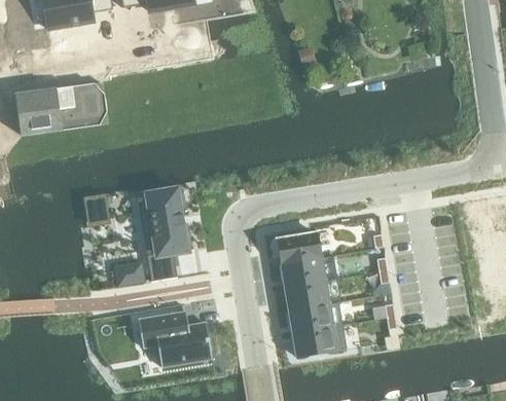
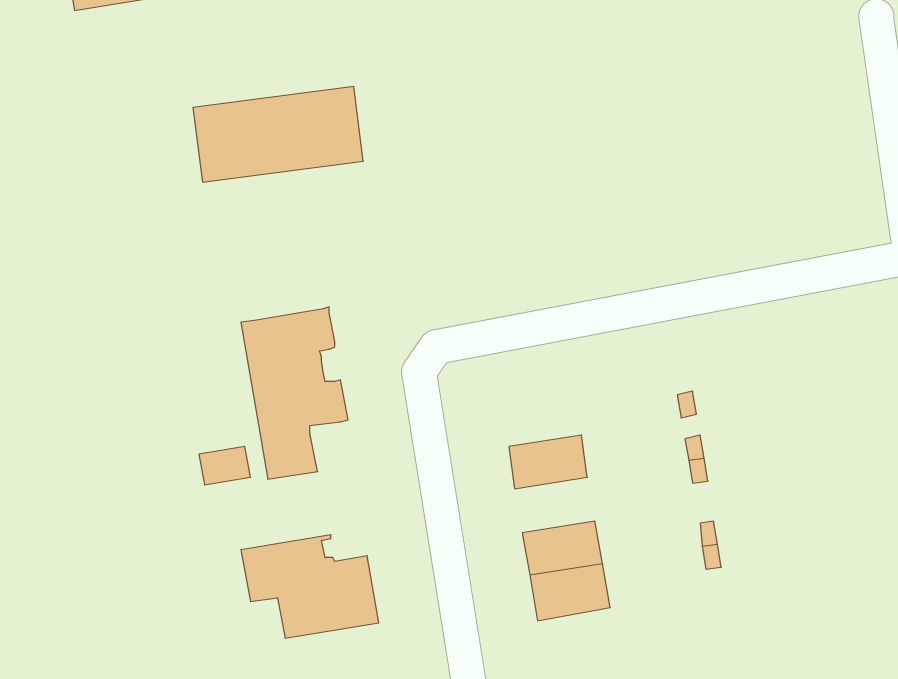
building: [14,84,106,136] -> [193,86,363,182]
building: [278,231,321,262] -> none
building: [285,279,328,308] -> none

